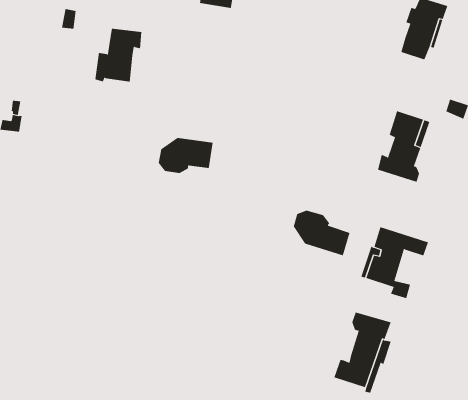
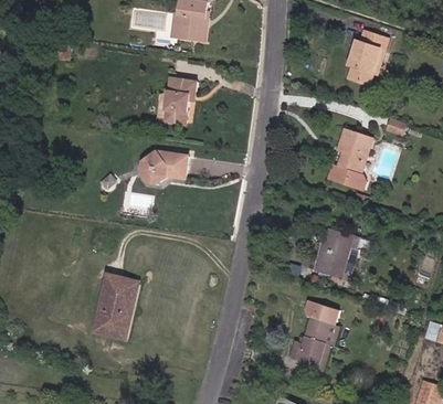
building: [94,28,142,82] -> [155,77,196,124]
building: [293,210,350,256] -> none
building: none -> [94,276,137,338]

